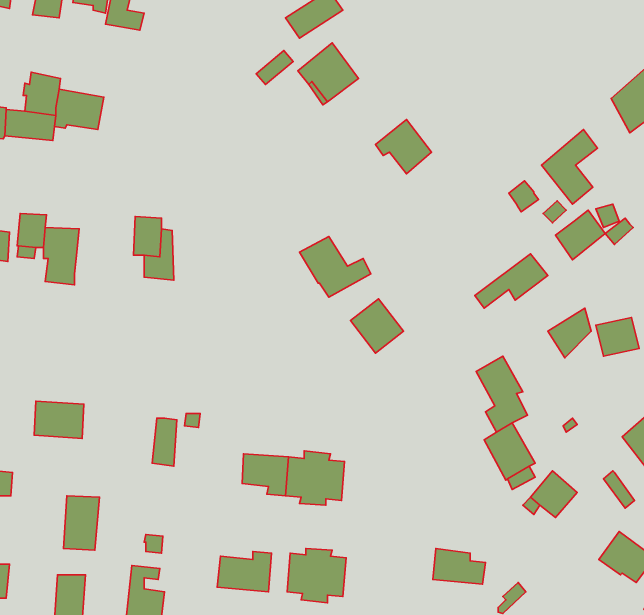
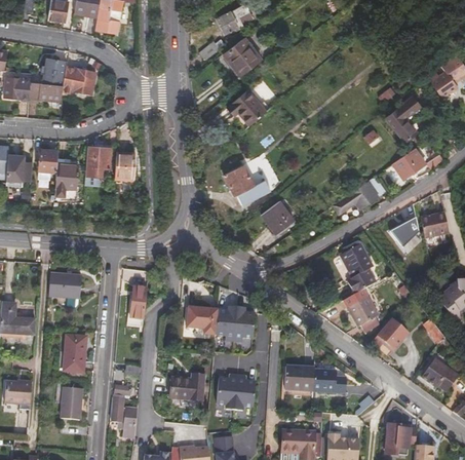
building: [376,120,431,174] -> [230,88,267,124]
building: none -> [83,147,110,186]
building: none -> [284,366,315,392]

